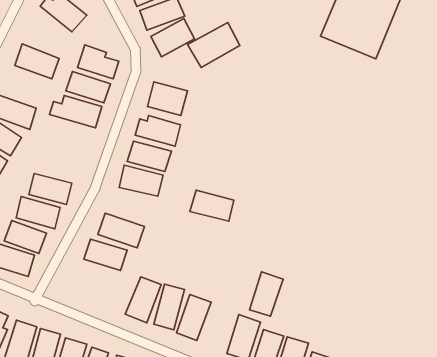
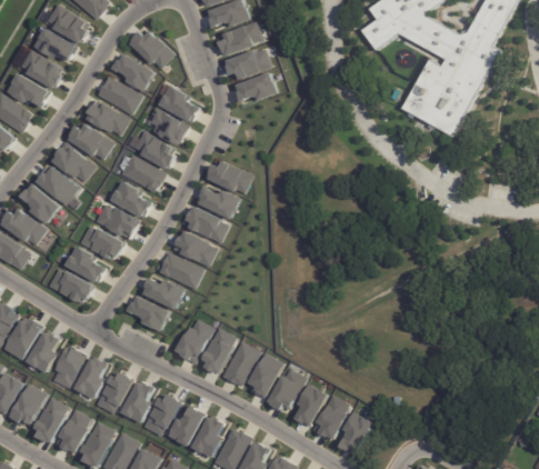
building: none -> [111,53,153,89]
building: [188,23,240,67] -> none
building: none -> [84,99,129,137]
building: [147,82,187,116] -> none
building: none -> [120,154,164,191]
building: none -> [110,181,152,217]
building: [190,190,234,221] -> [172,231,217,266]
building: none -> [128,297,168,330]
building: [249,272,283,316] -> [246,352,282,397]

